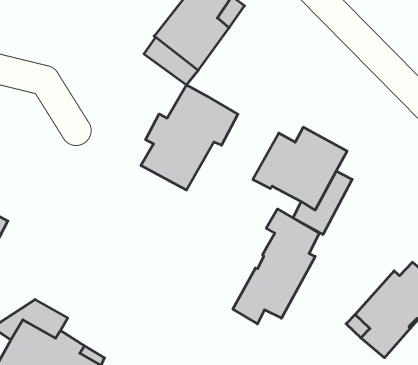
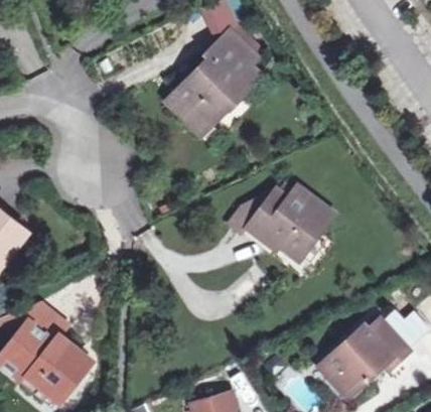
building: [141,85,238,190] -> none
building: [233,209,319,324] -> none

